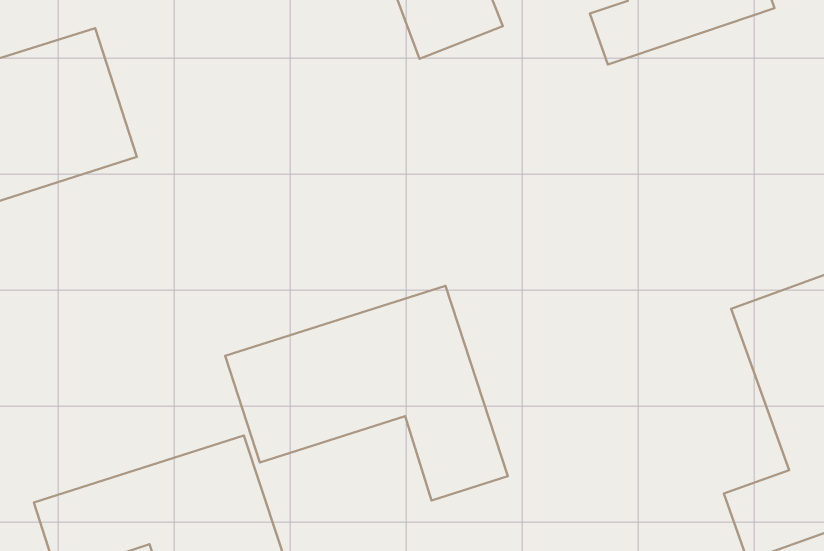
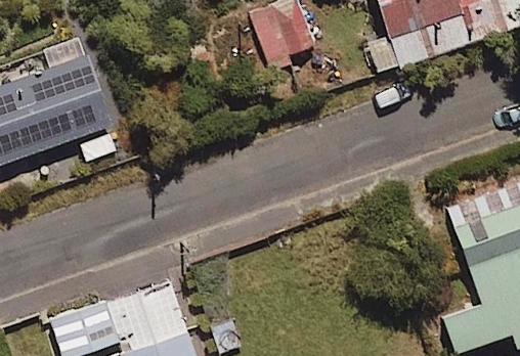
building: [225,286,508,501] -> none

